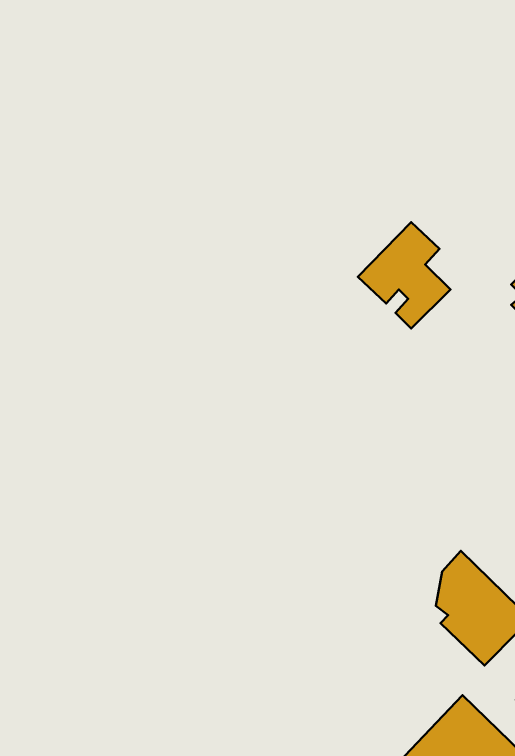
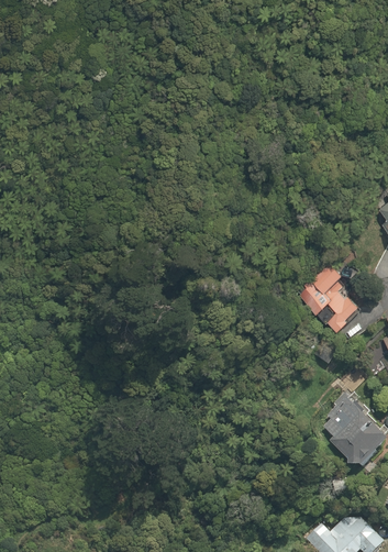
building: [358,222,450,329] -> [299,256,364,331]

